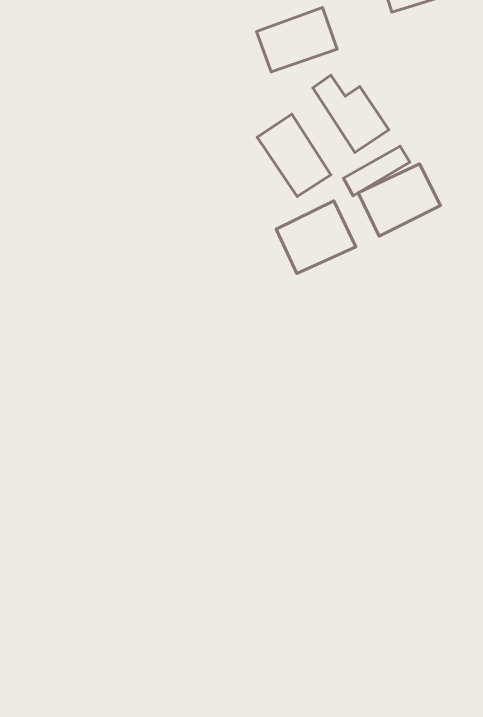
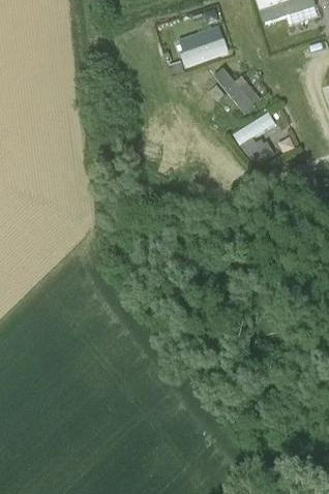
building: [257,114,331,197] -> none
building: [276,201,356,274] -> none

